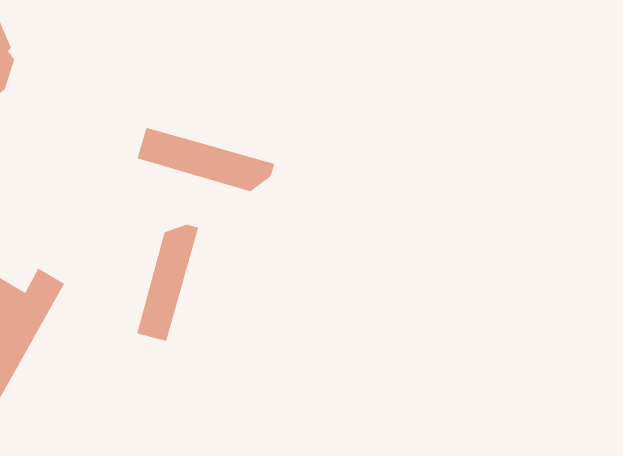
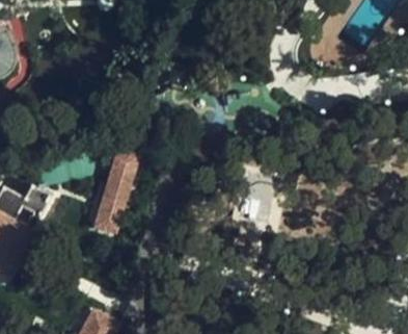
building: [136,127,275,192] -> none

